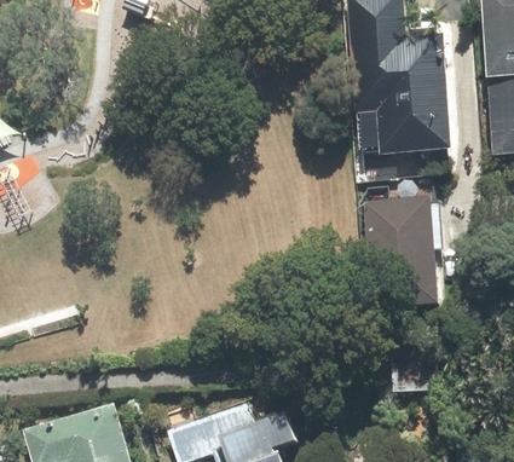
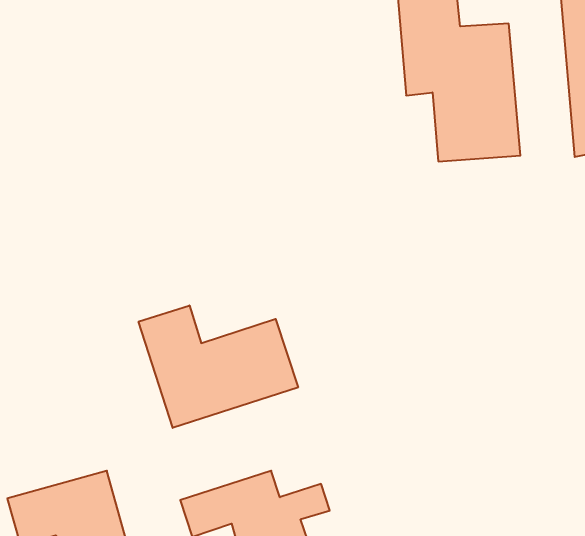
building: [366,201,435,304] -> none
building: none -> [139,305,298,428]

